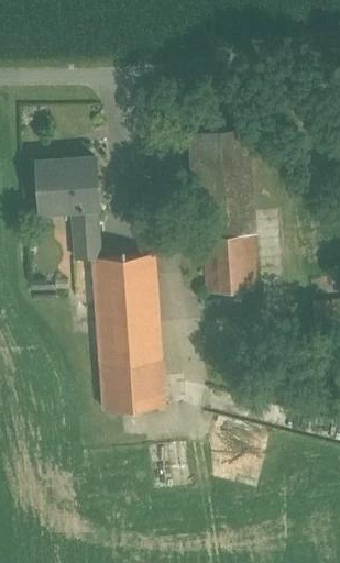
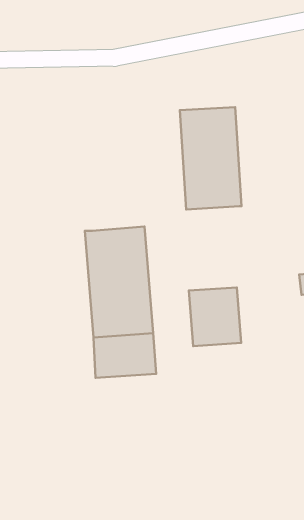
building: [37,157,100,260] -> none
building: [202,233,256,294] -> [189,287,241,346]

